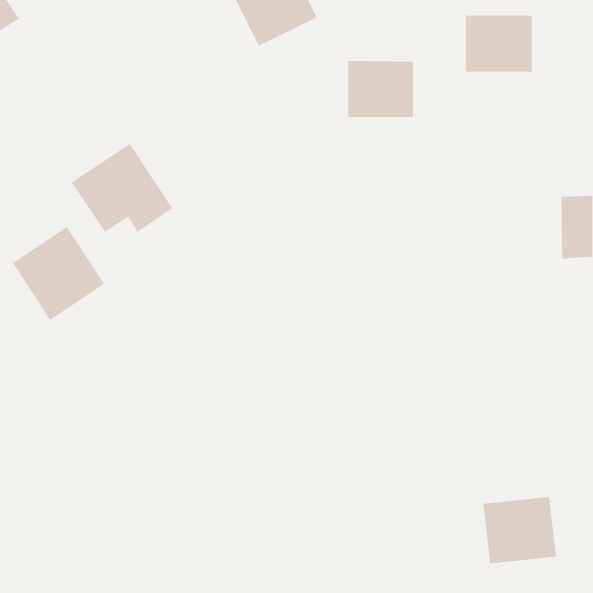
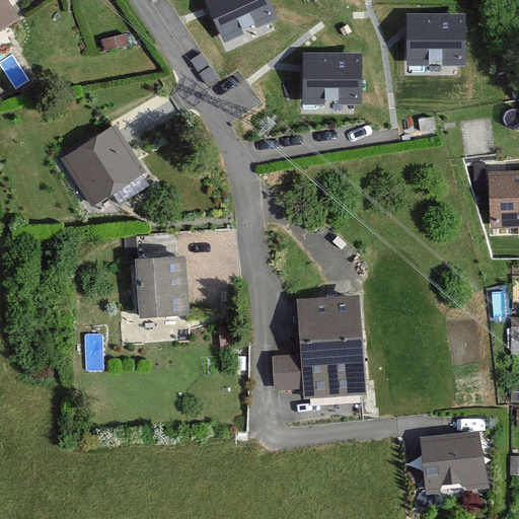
building: [12,226,105,321] -> none
building: none -> [135,256,187,316]
building: none -> [275,295,362,389]

